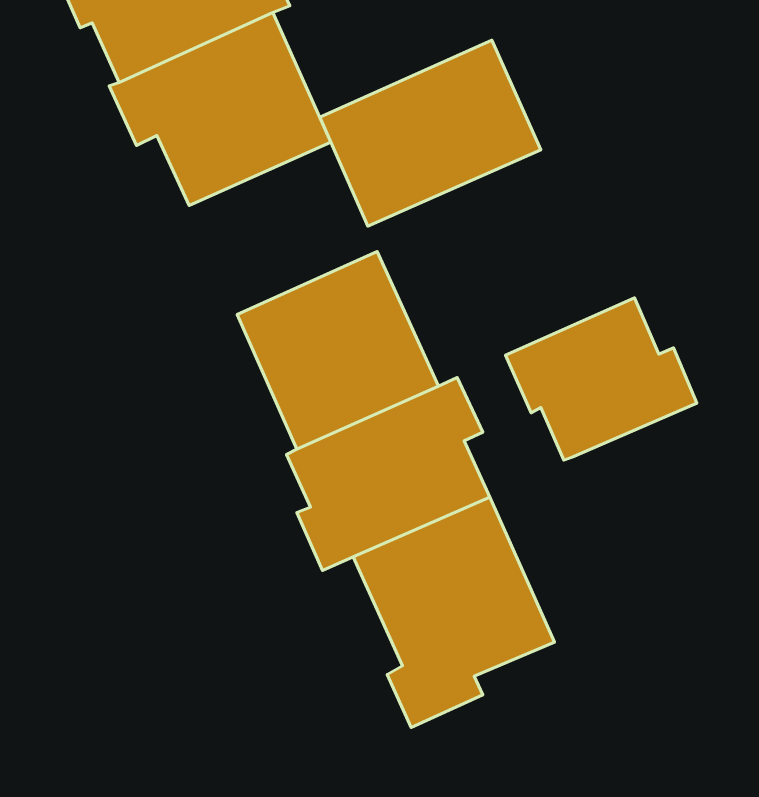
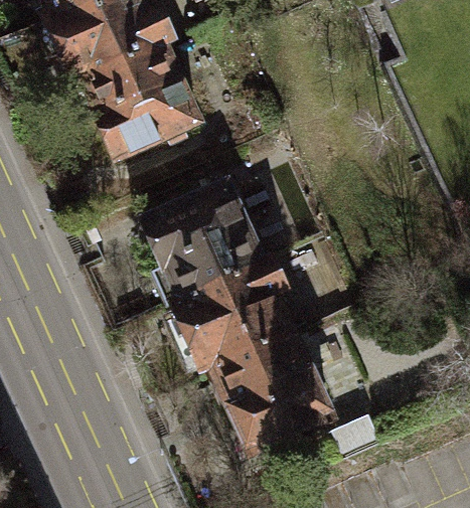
building: [320,40,541,226] -> none
building: [506,298,697,460] -> none

